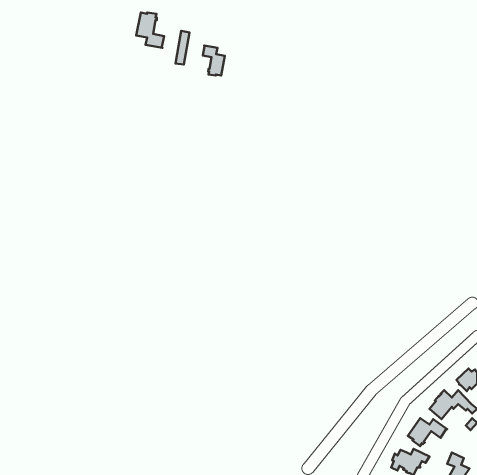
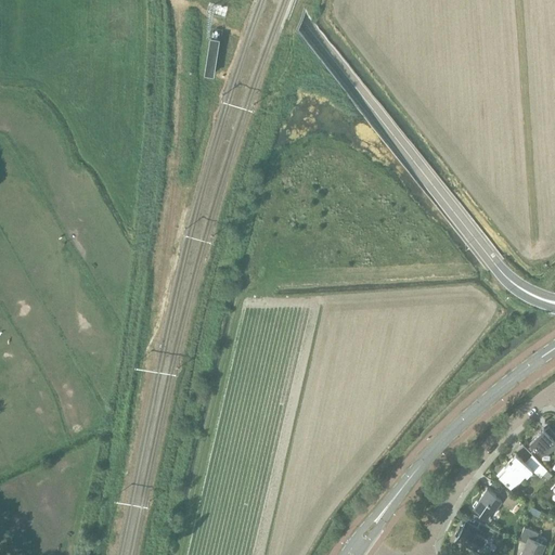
building: [136,12,164,48] -> none
building: [203,46,225,76] -> none

